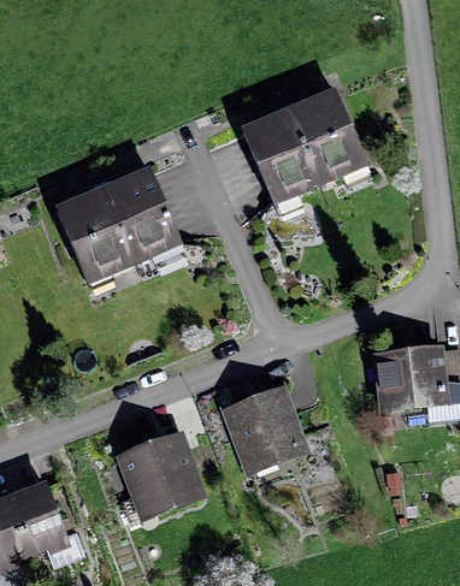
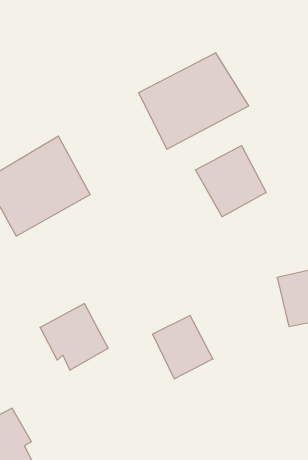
building: none -> [195,146,266,217]
building: [118,433,194,508] -> [40,304,108,370]

